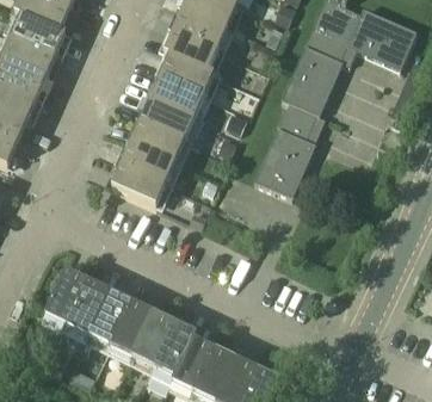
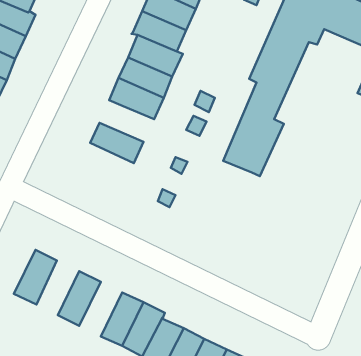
building: [131,118,186,160] -> none
building: [112,161,166,204] -> none
building: [68,279,111,334] -> none
building: [111,301,154,355] -> none

